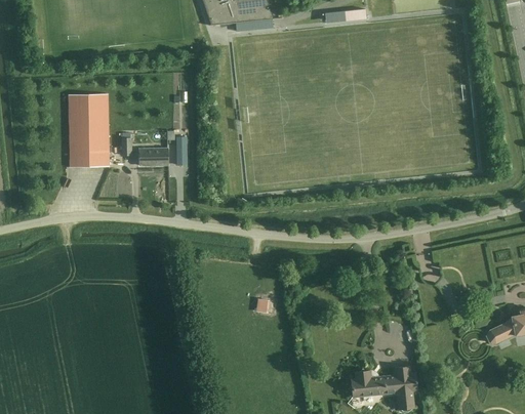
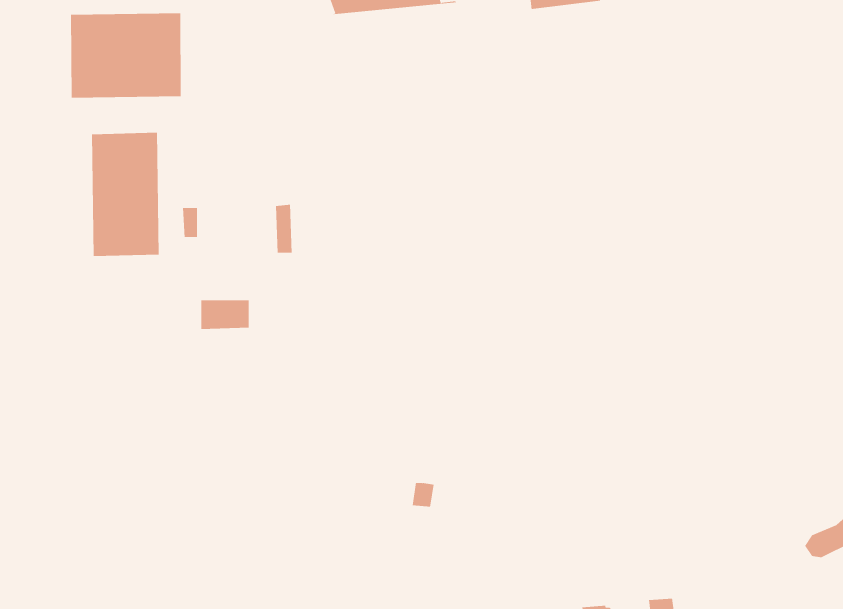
building: none -> [71,13,181,98]
building: [139,149,168,166] -> [200,300,249,330]

